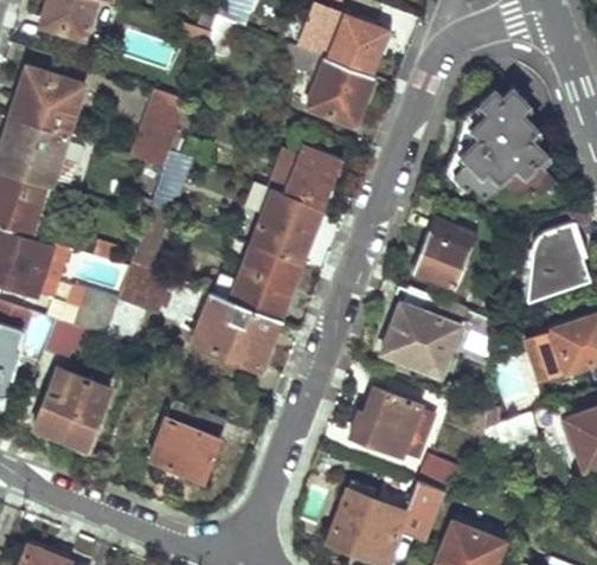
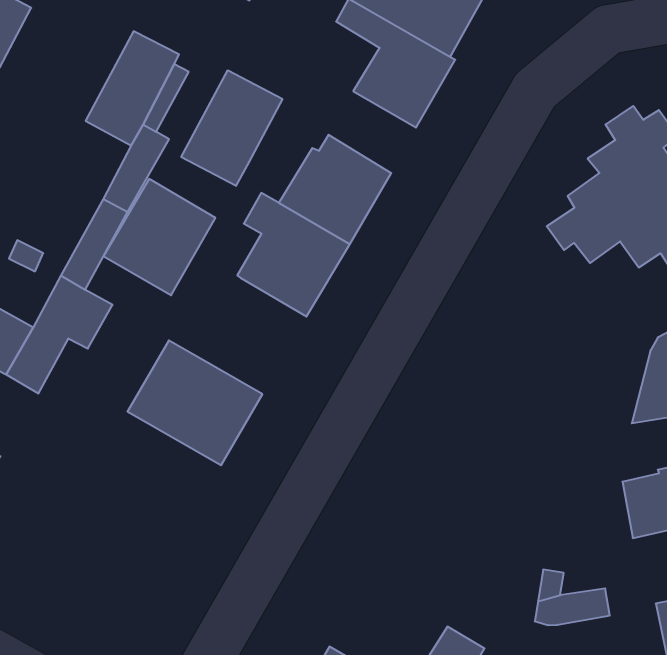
building: none -> [181,70,282,186]
building: [413,218,476,288] -> none
building: [229,245,300,321] -> [103,179,215,295]
building: [383,301,488,375] -> none
building: [349,389,423,458] -> none
building: [152,402,226,481] -> none

